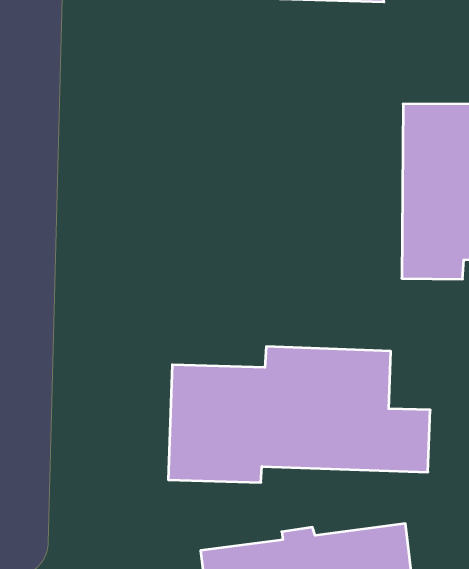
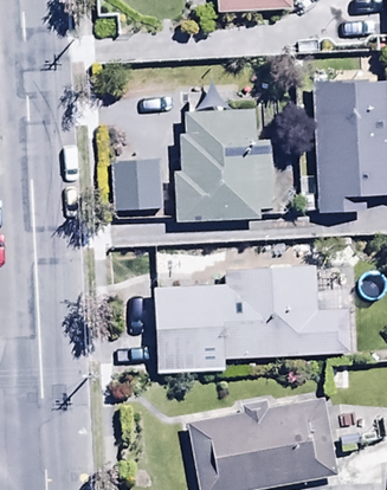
building: none -> [174,86,272,220]
building: none -> [112,159,161,208]

